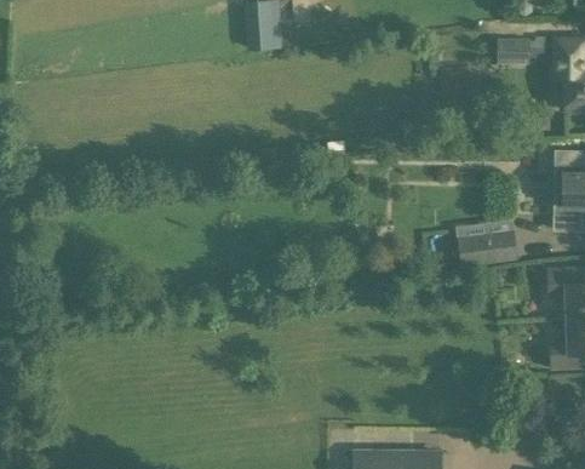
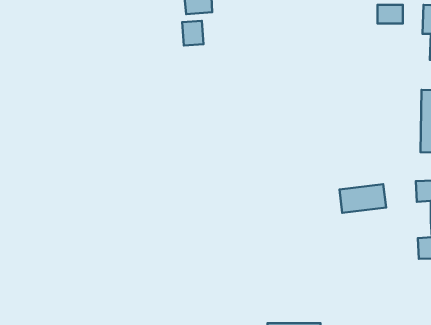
building: none -> [182,21,203,46]
building: [459,228,520,265] -> [339,184,386,213]

